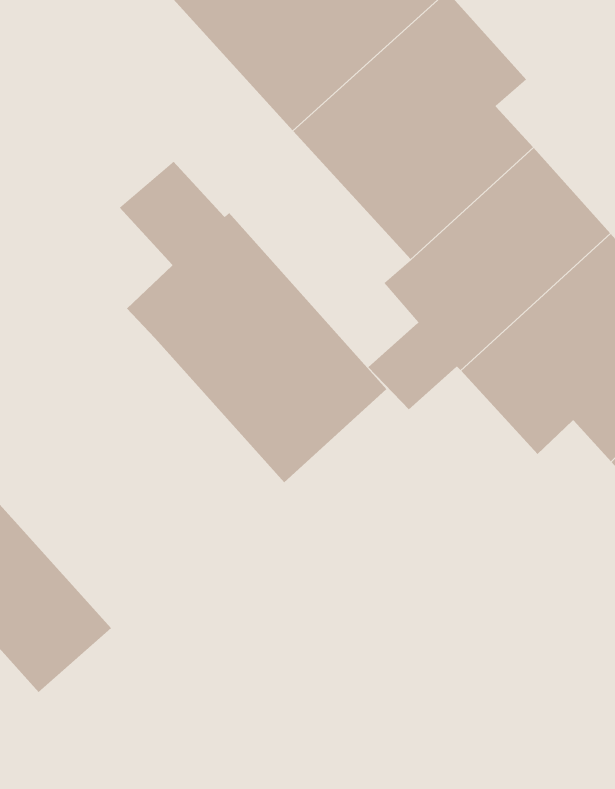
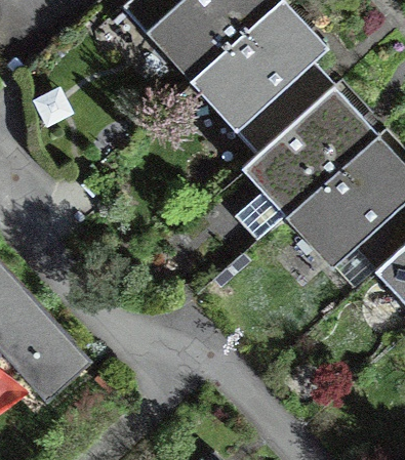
building: [119,161,387,483] -> none

